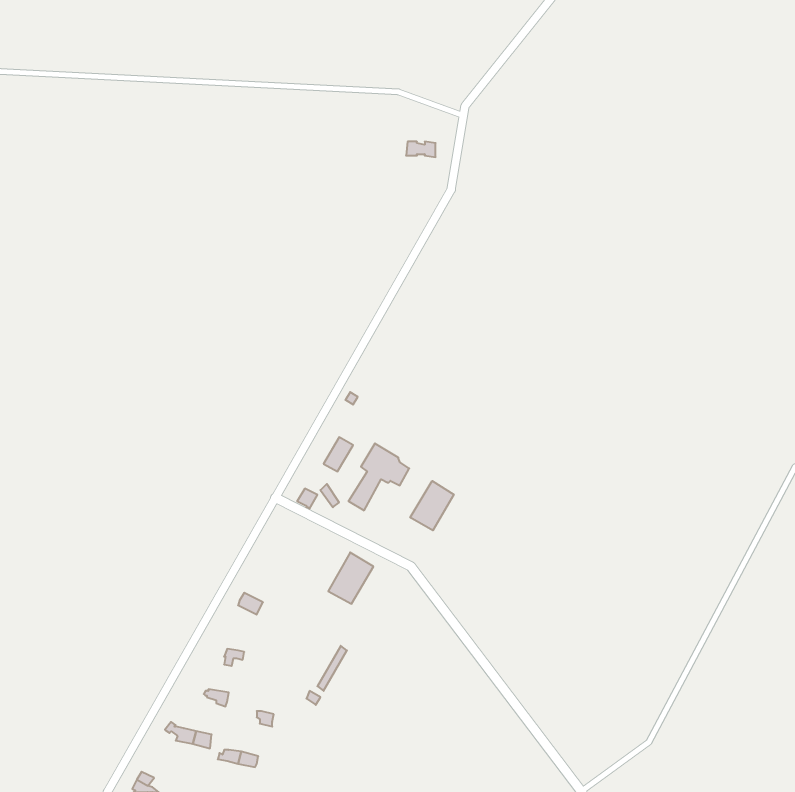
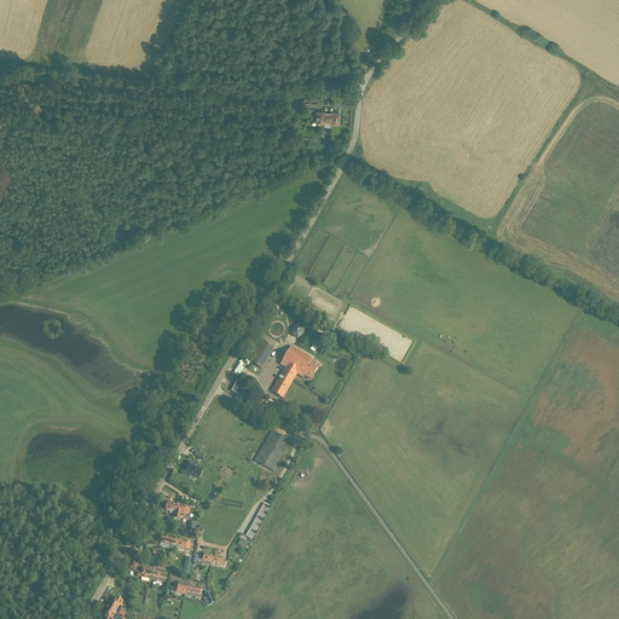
building: [410,481,454,530] -> none

